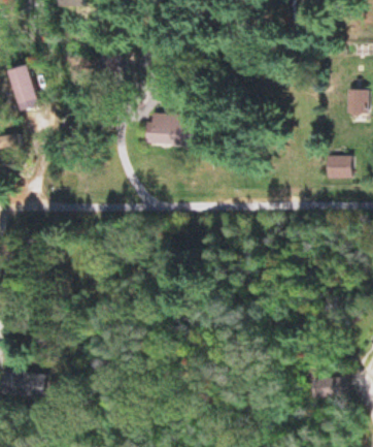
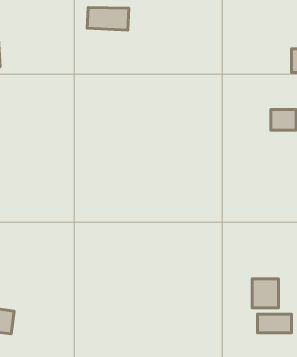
building: [145,120,191,145] -> [87,7,129,30]
building: none -> [252,279,279,308]

